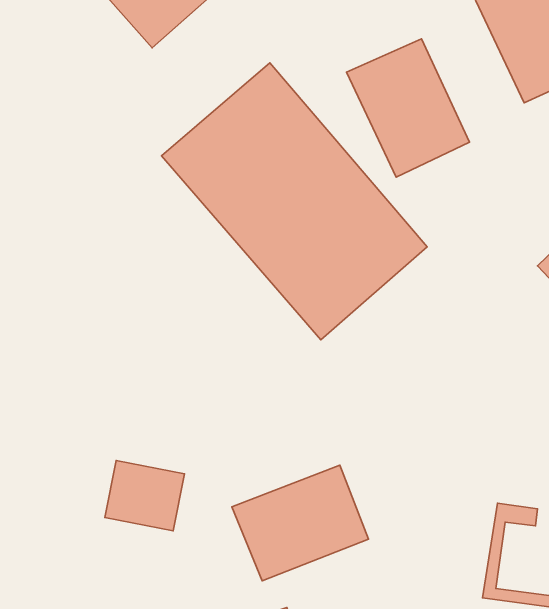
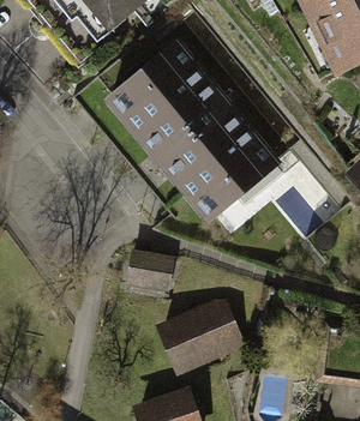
building: [347,39,470,177] -> none
building: [105,460,184,531] -> [124,251,174,295]

